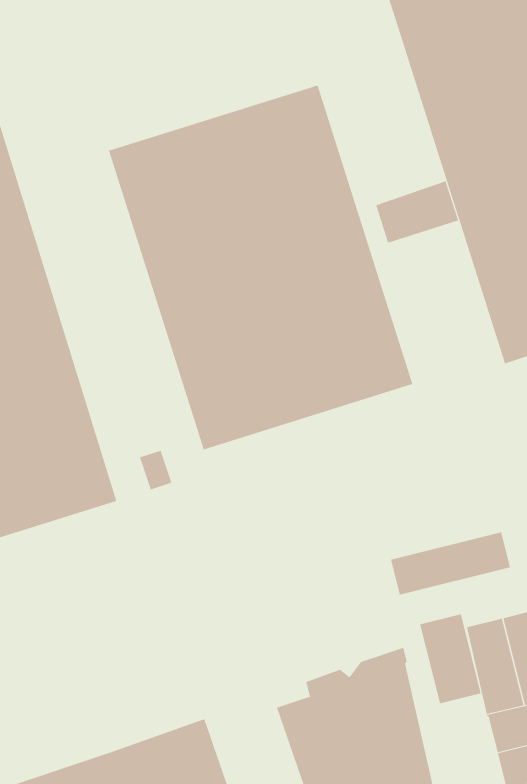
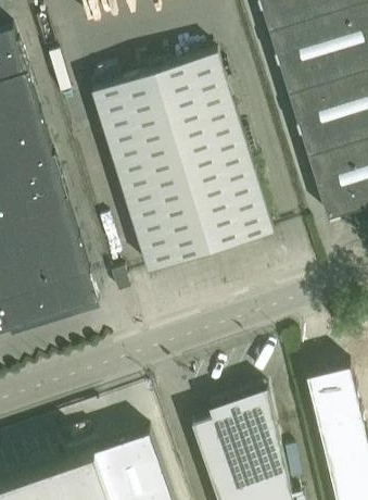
building: [376,181,459,243] -> none
building: [390,532,510,596] -> none
building: [420,613,481,704] -> none

